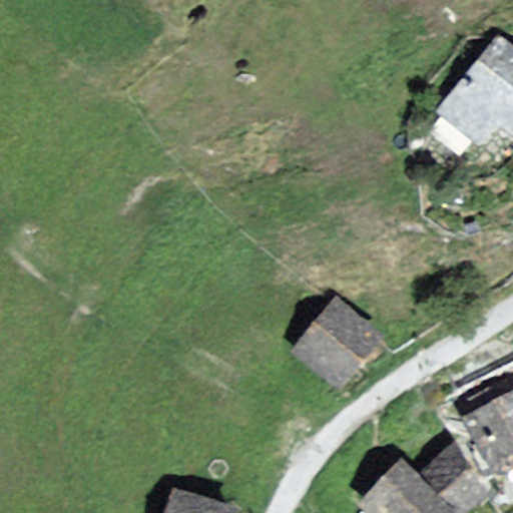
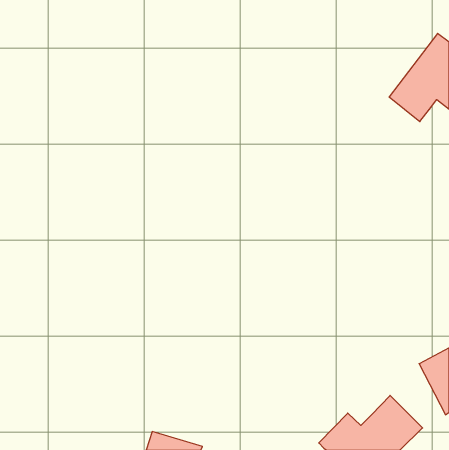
building: [297,298,377,380] -> none

